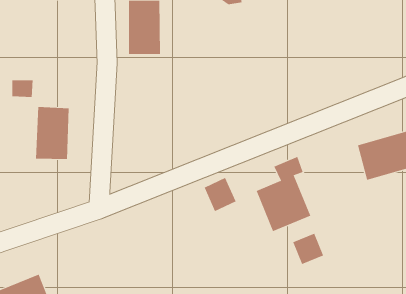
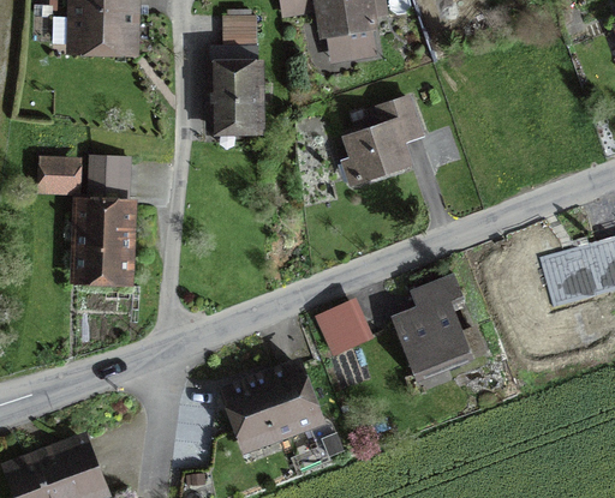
building: none -> [345,97,418,181]
building: none -> [92,157,131,198]
building: none -> [226,364,318,445]
building: [293,233,324,265] -> none

